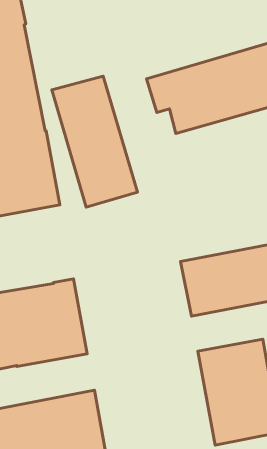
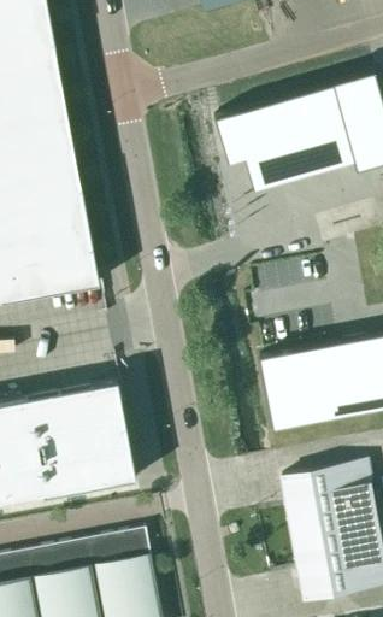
building: [52,76,138,207] -> none

